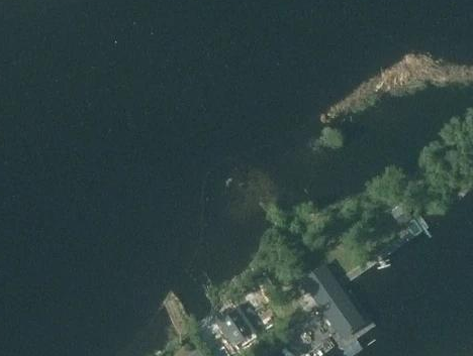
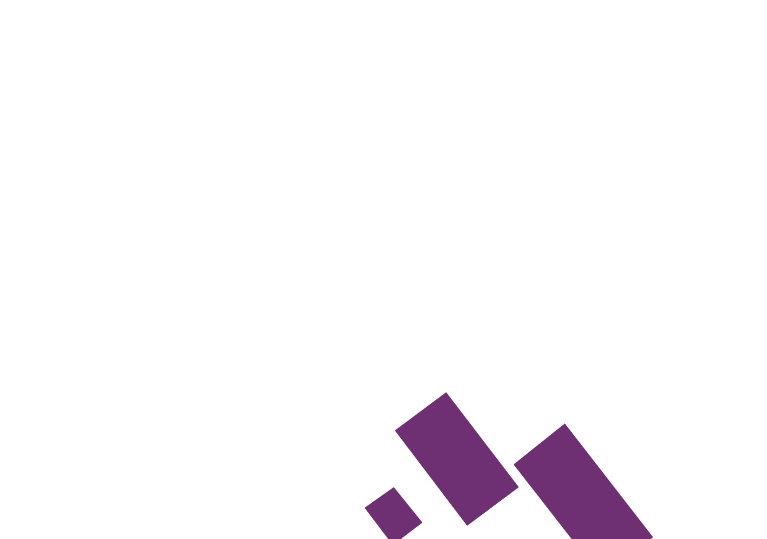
building: none -> [394,391,520,527]

